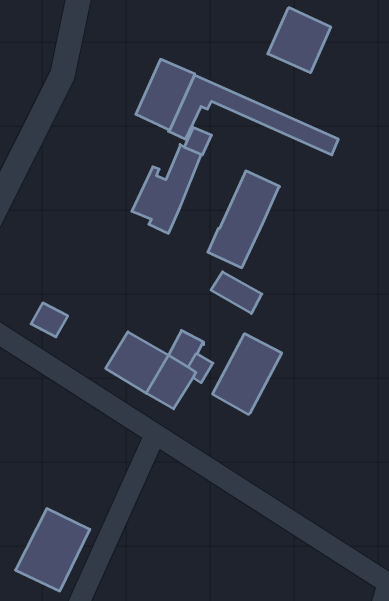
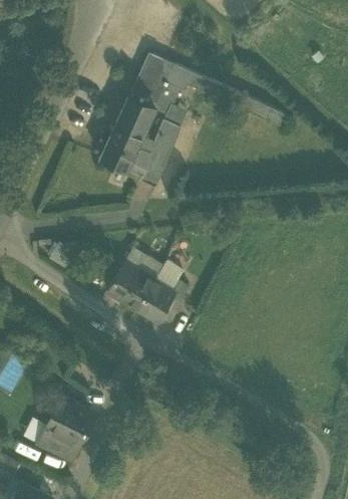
building: [268,8,331,73] -> none
building: [208,171,280,268] -> [100,95,155,170]
building: [211,272,262,314] -> [123,248,162,280]
building: [213,334,282,414] -> none

